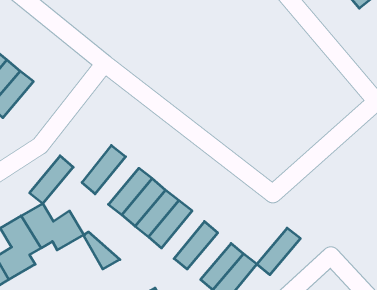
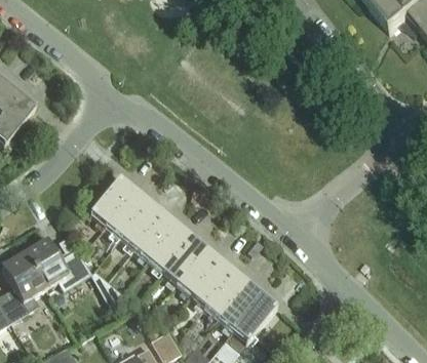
building: [30,156,73,203] -> [105,188,152,239]
building: none -> [177,246,223,297]
building: [257,228,300,275] -> [204,270,251,320]

